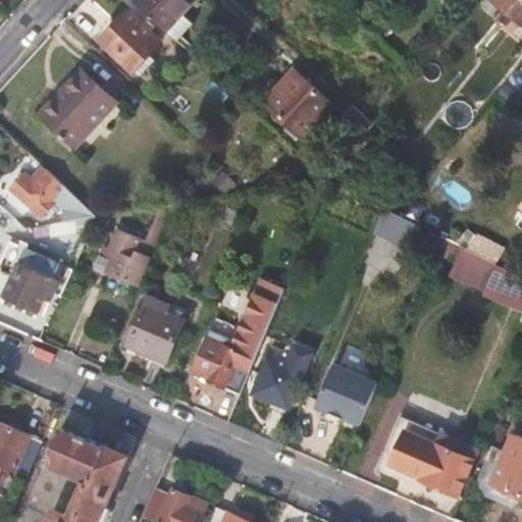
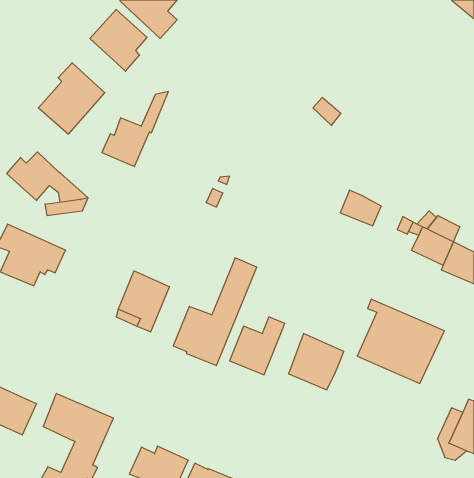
building: [264,73,329,138] -> none
building: [100,204,172,285] -> [102,92,168,167]
building: [387,407,482,499] -> [357,299,444,383]

